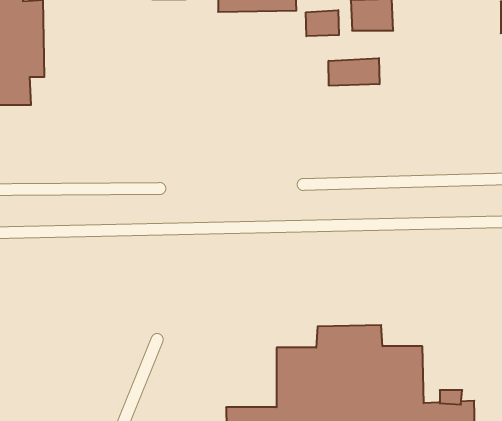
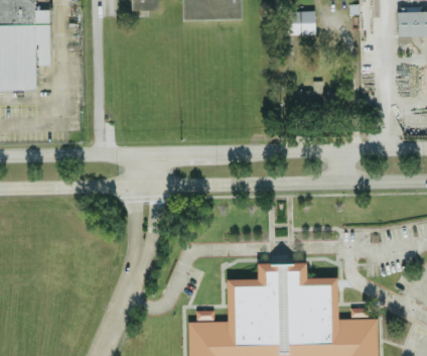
building: [306,10,339,36] -> none
building: [329,58,379,86] -> none

